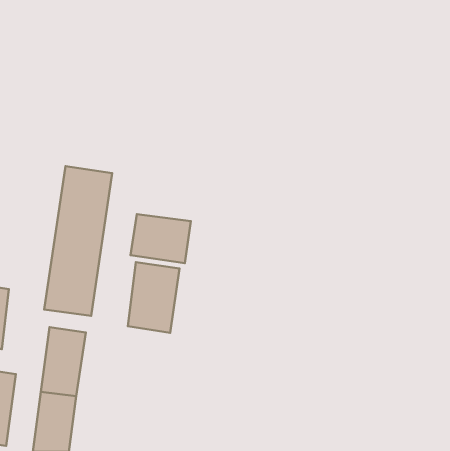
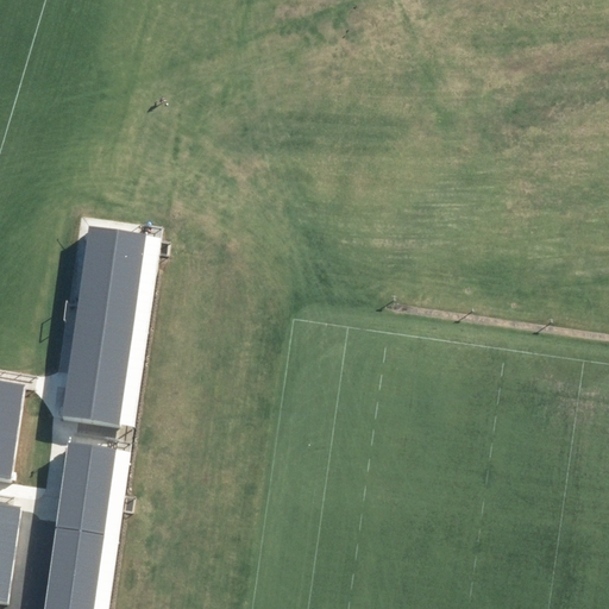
building: [130,214,191,263] -> none
building: [128,262,180,333] -> none

